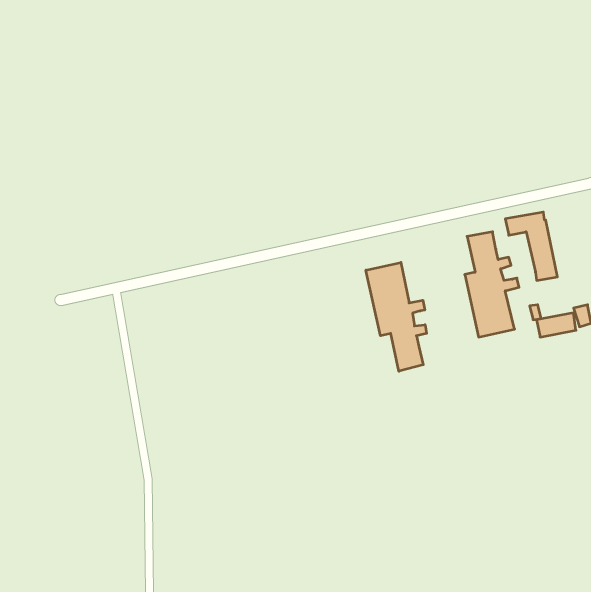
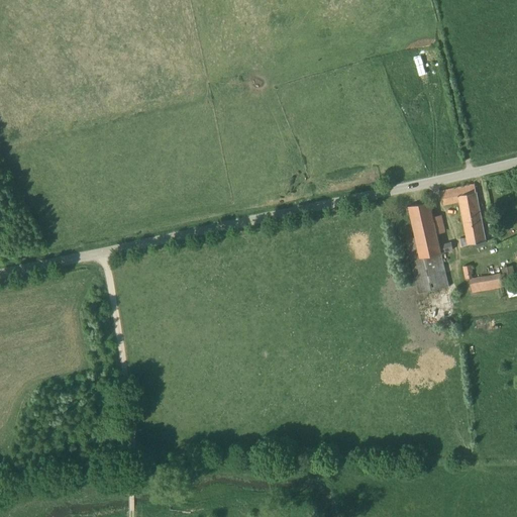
building: [366,262,427,371] -> none

